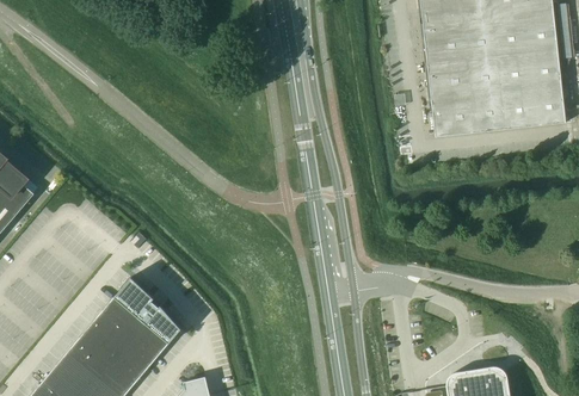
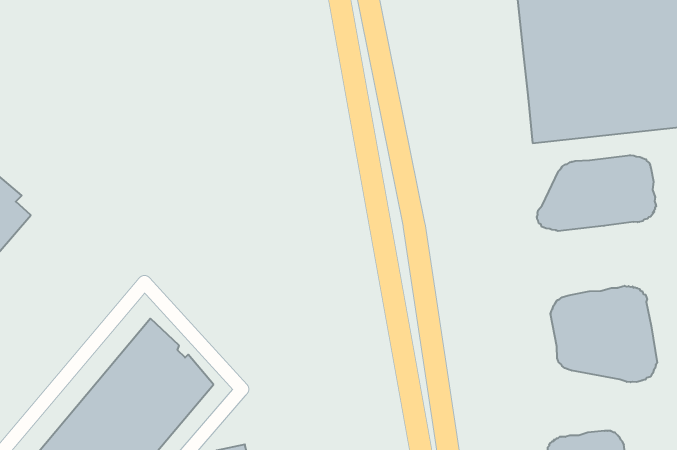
building: none -> [537,155,656,231]
building: none -> [551,286,657,382]

